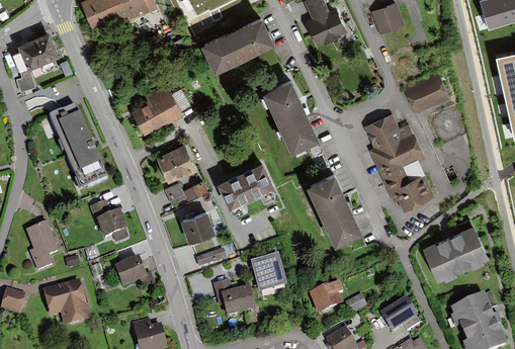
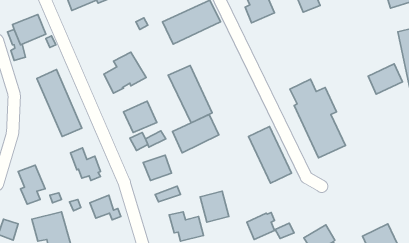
building: [404,74,446,111] -> [368,64,402,94]
building: [266,82,321,153] -> [168,65,212,123]
building: [422,228,487,282] -> none

